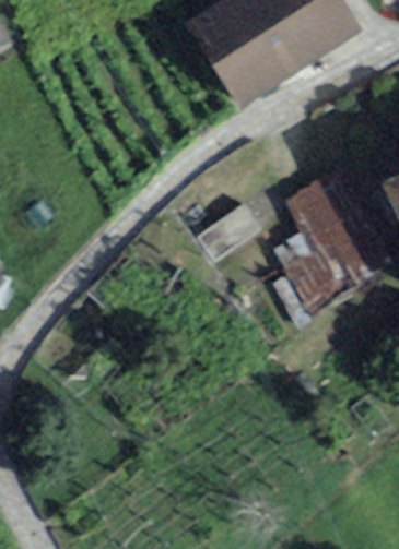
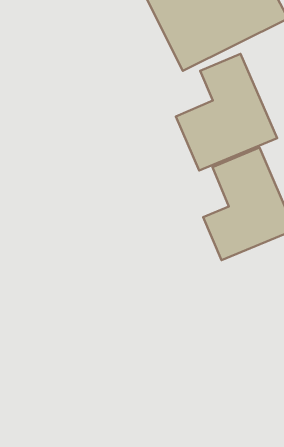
building: none -> [176,54,277,171]

